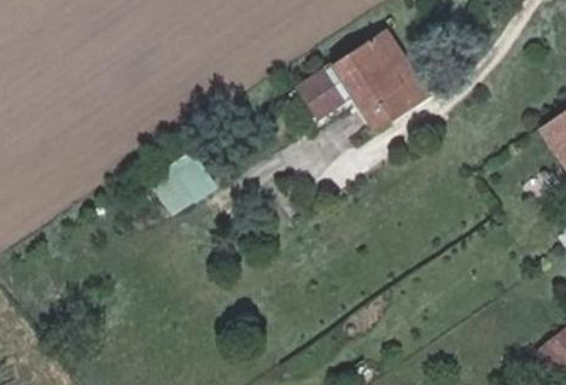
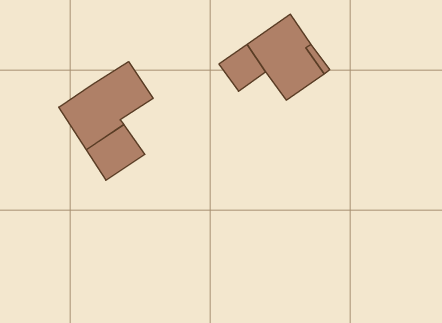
building: none -> [59,62,153,150]

